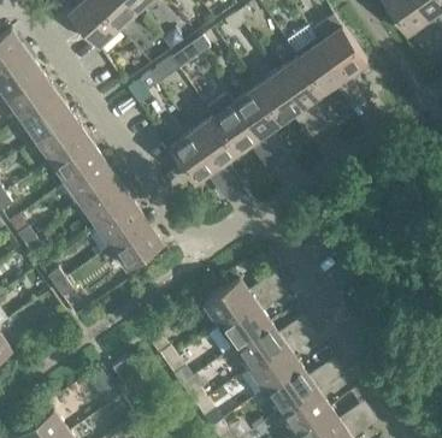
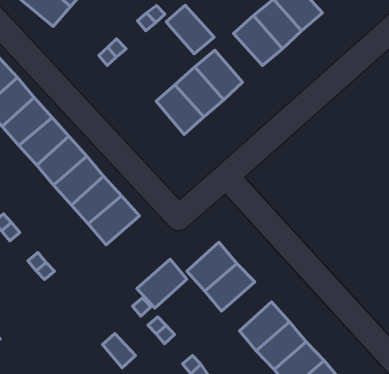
building: [255,73,301,123] -> [166,5,214,54]
building: [169,132,216,184] -> none
building: [234,322,284,369] -> [137,259,187,308]

